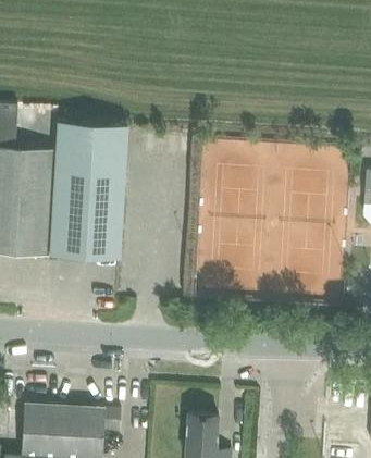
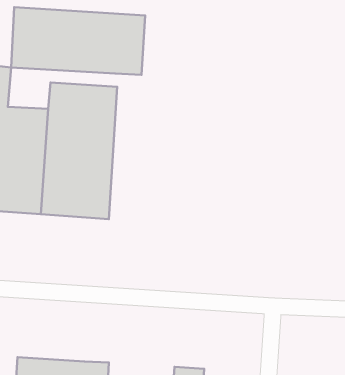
building: none -> [11,7,145,75]

